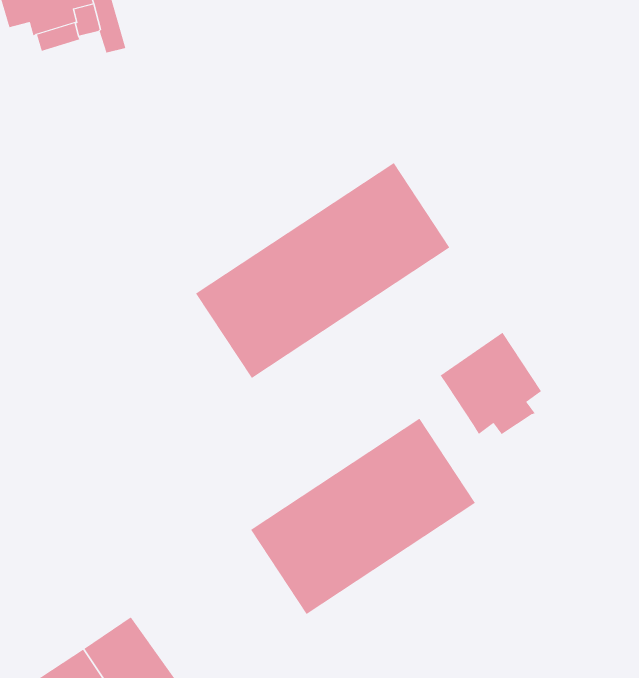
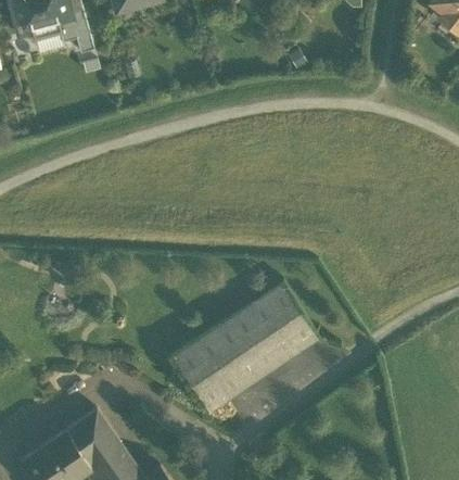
building: [195,162,450,379] -> none
building: [440,332,542,435] -> none

